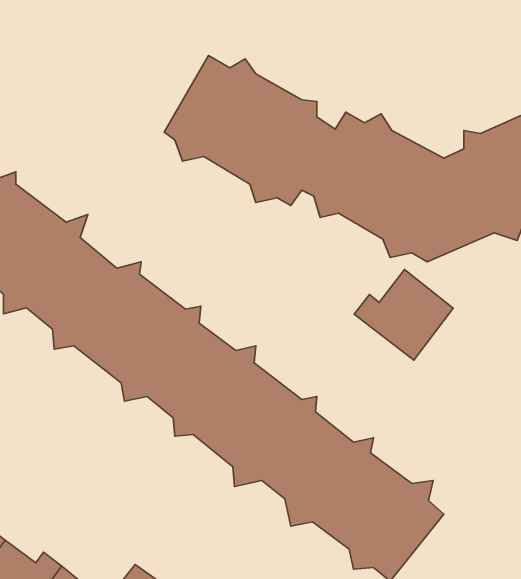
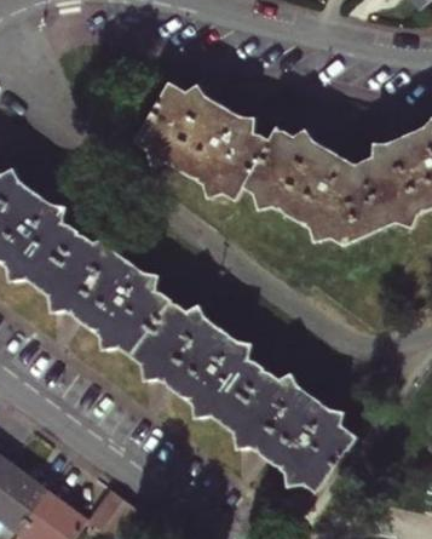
building: [354,270,453,360] -> none

